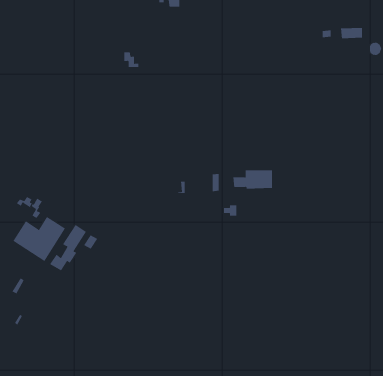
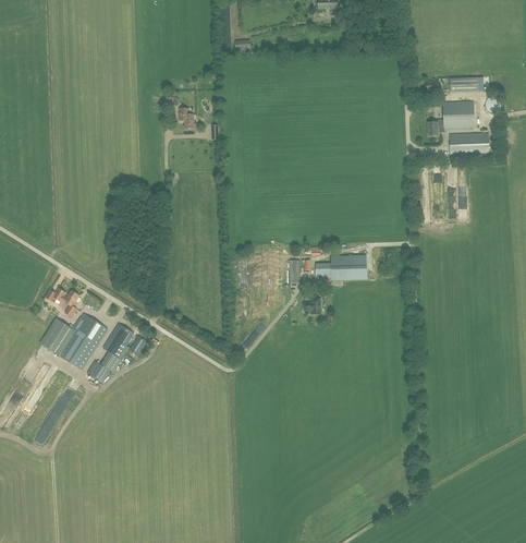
building: none -> [427,100,473,134]
building: none -> [449,132,488,156]

